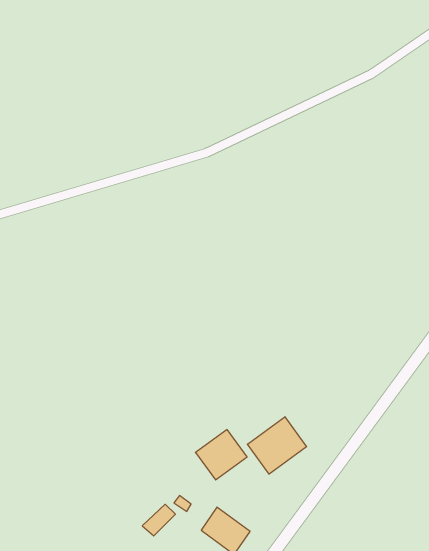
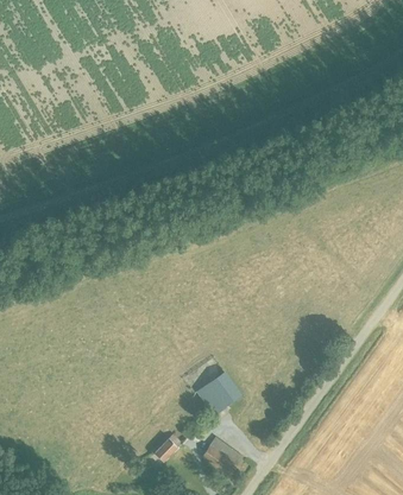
building: [247,417,307,474] -> none

